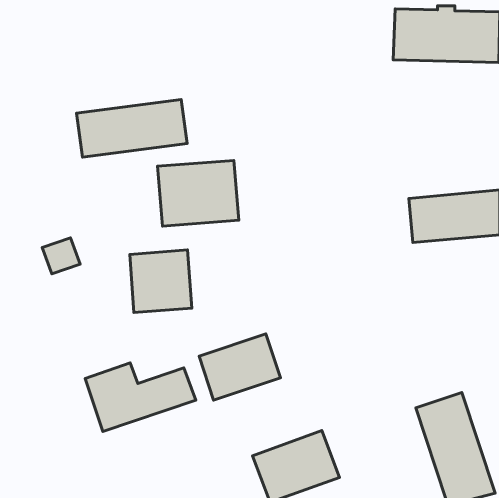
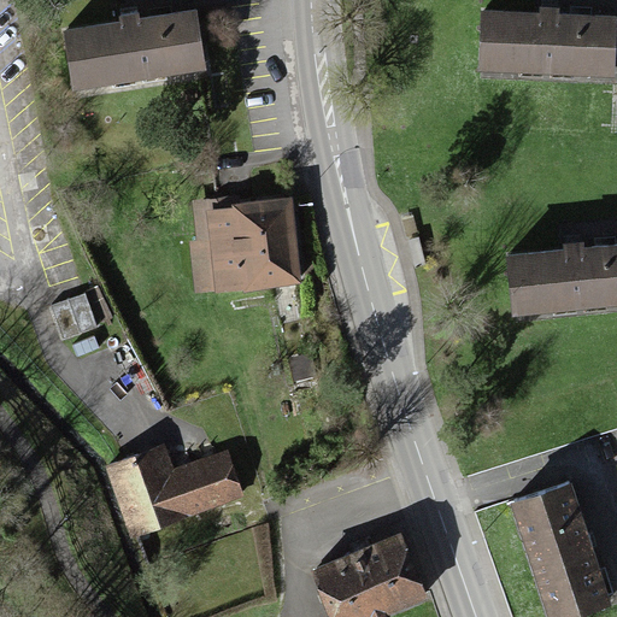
building: [77,99,187,157] -> [69,16,205,87]
building: [130,250,192,313] -> none
building: [199,334,280,400] -> none

